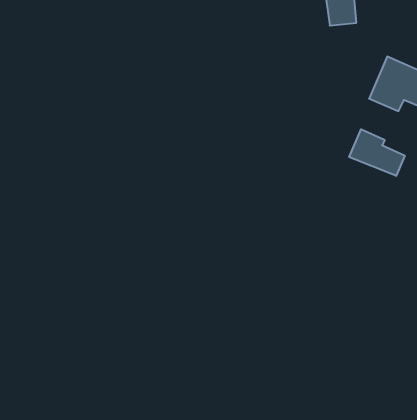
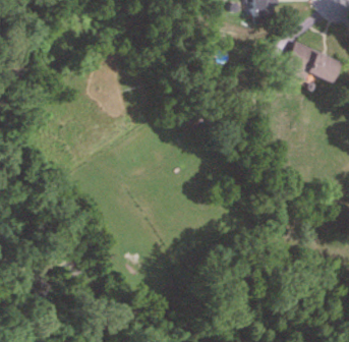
building: [349,129,405,176] -> none

